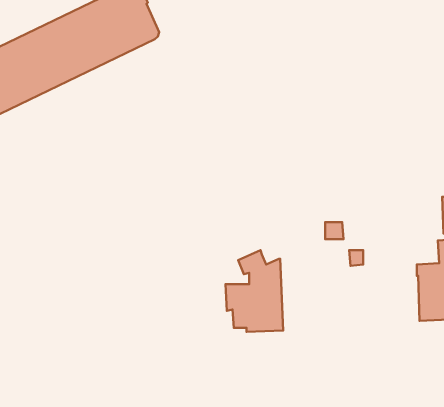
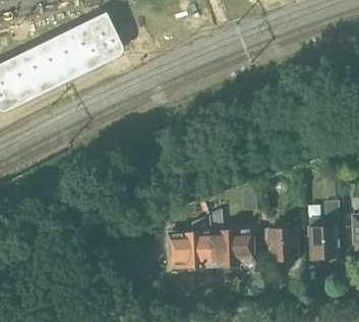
building: none -> [210,209,255,266]
building: none -> [270,226,296,262]

